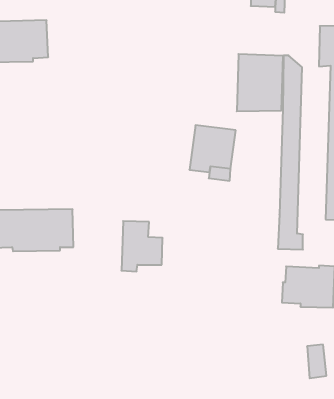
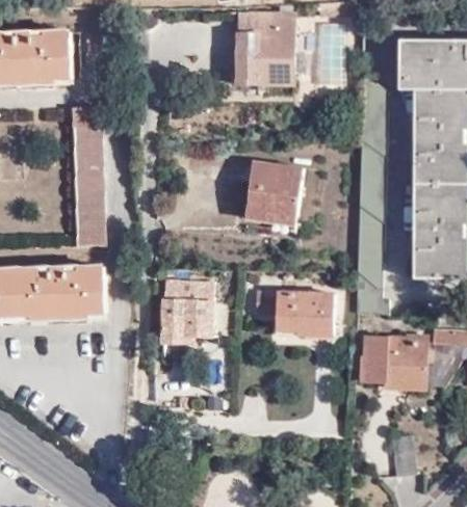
building: [237,54,283,111] -> [237,12,294,83]
building: none -> [70,106,100,243]
building: none -> [255,291,334,336]

